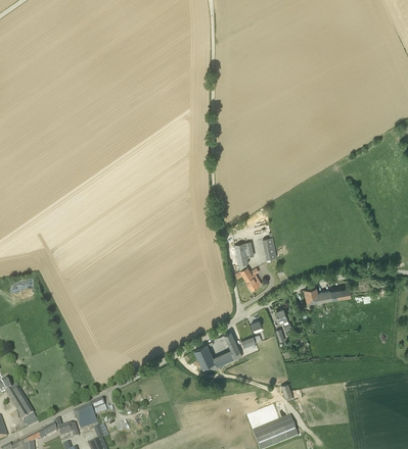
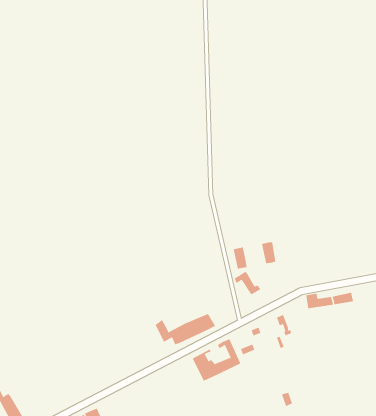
building: none -> [155,313,216,345]

